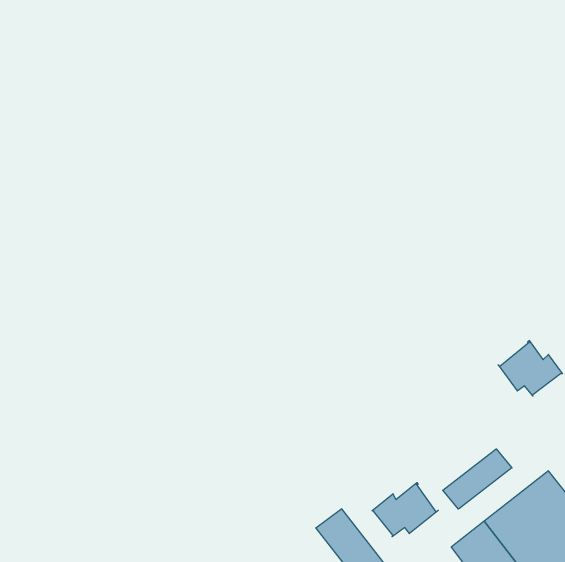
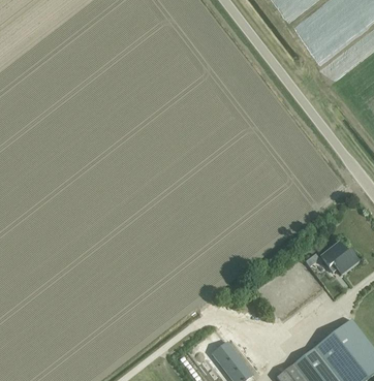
building: [443,449,512,509] -> none
building: [372,483,438,537] -> none

